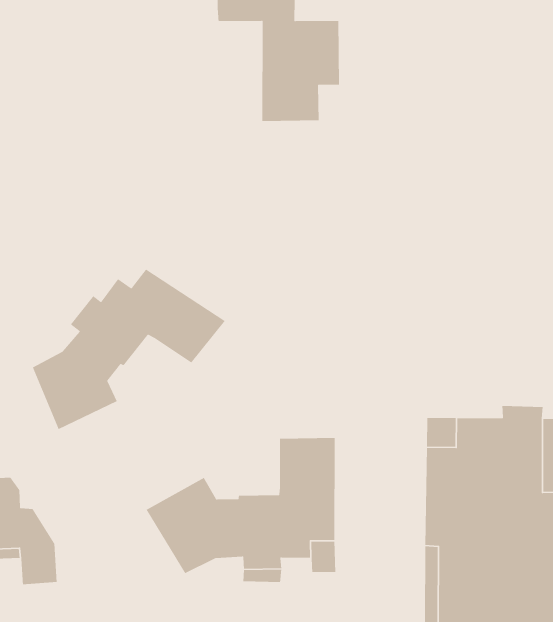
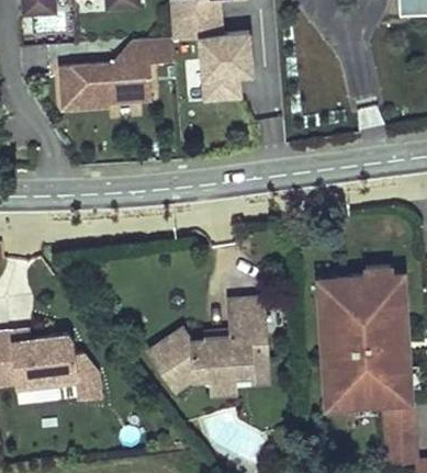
building: none -> [56,41,171,111]
building: [32,268,226,430] -> none

